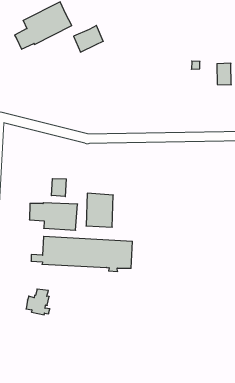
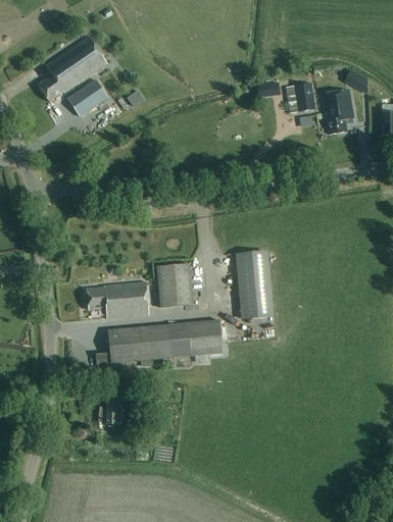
building: [74,25,103,52] -> [70,80,108,115]
building: [51,179,66,197] -> none
building: none -> [235,249,274,318]

